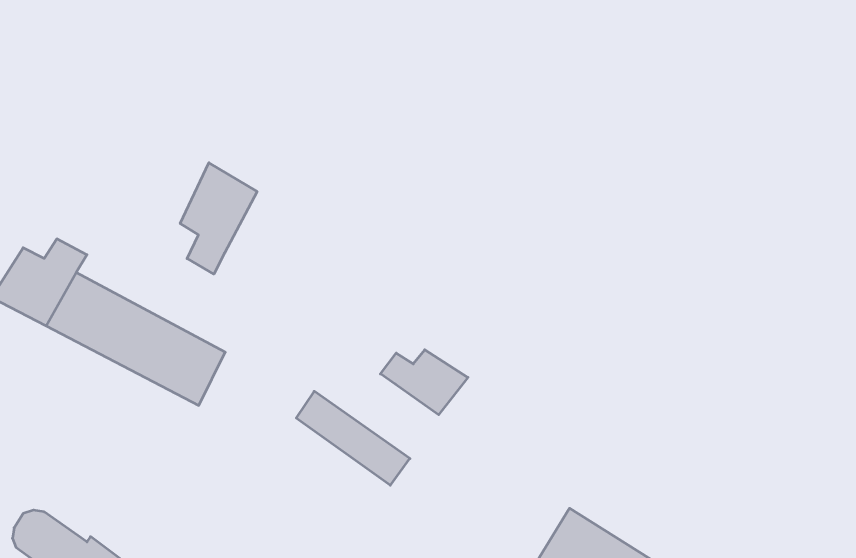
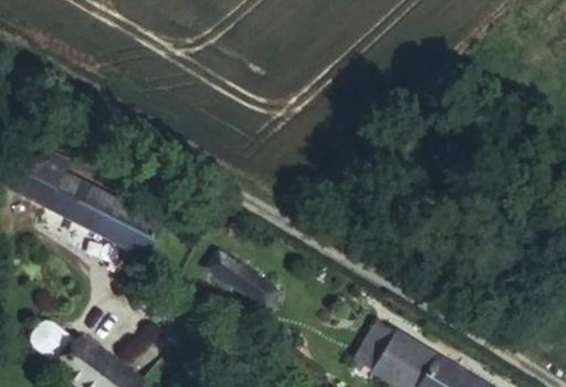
building: [180,163,257,274] -> none
building: [380,350,468,415] -> none

